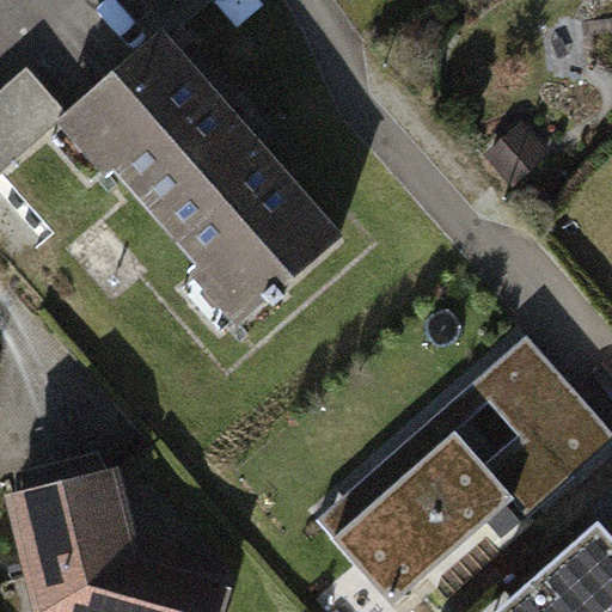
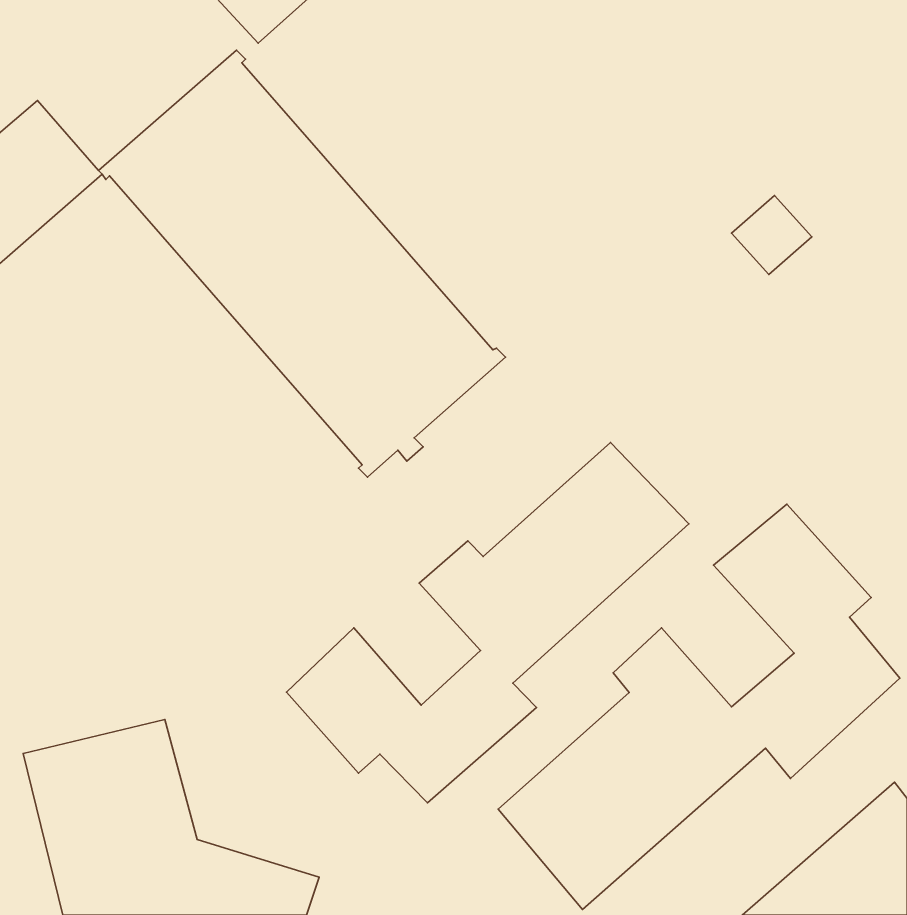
building: none -> [286,442,689,803]

